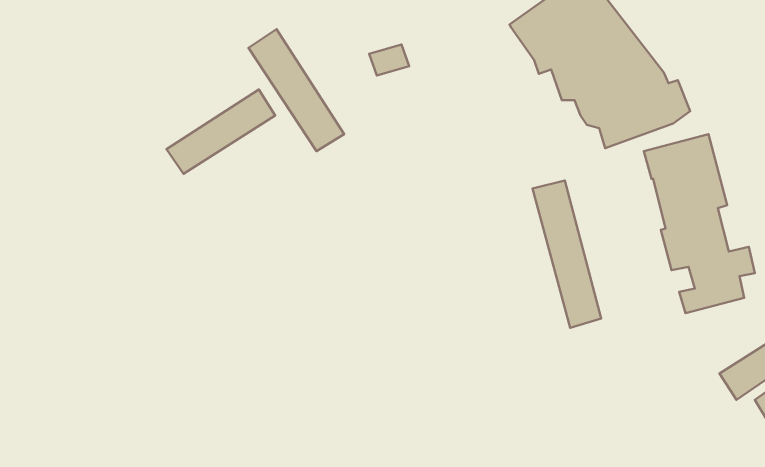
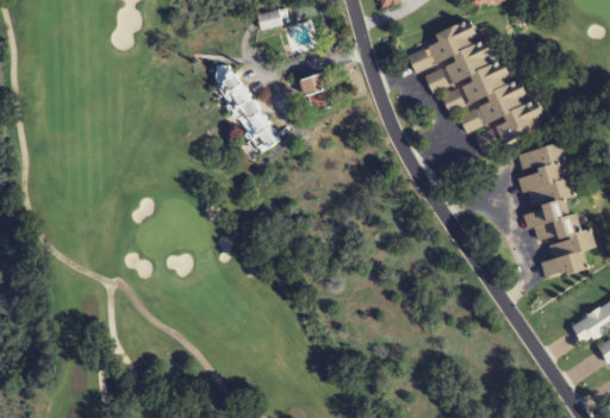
building: [167,90,275,174] -> none
building: [533,180,601,328] -> none

